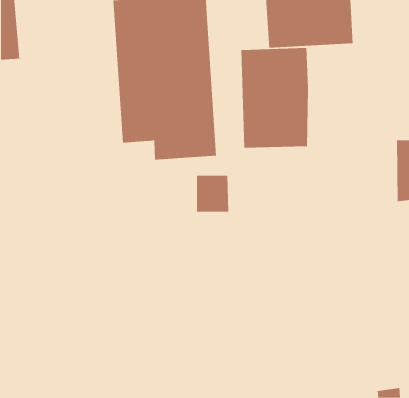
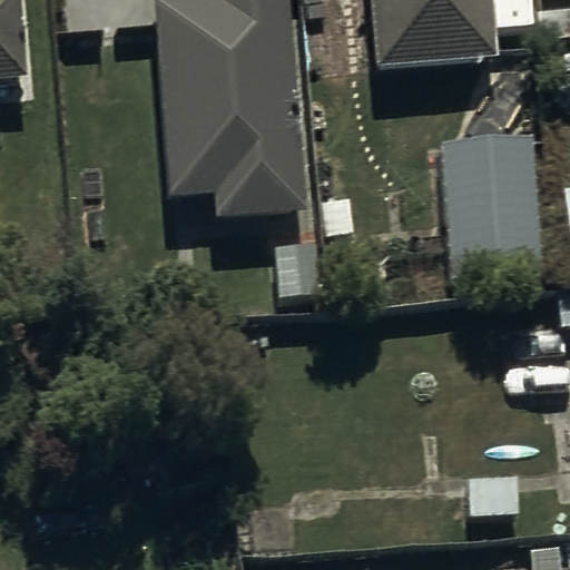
building: [240,48,309,148] -> [443,138,538,277]

